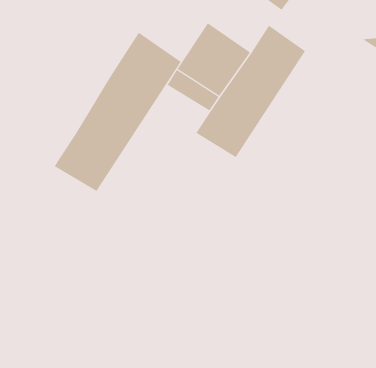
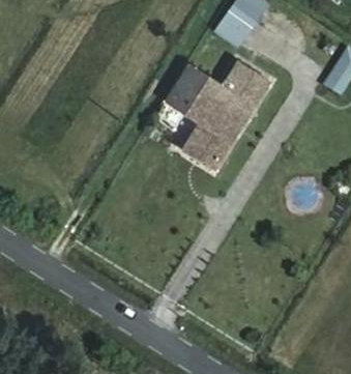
building: [54,32,181,192] -> none

